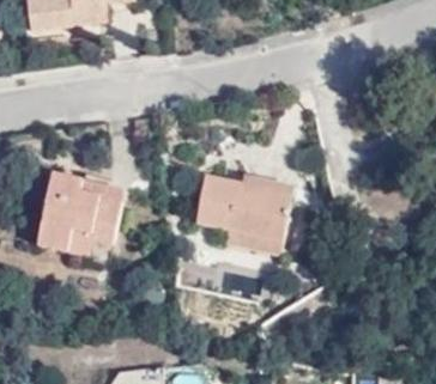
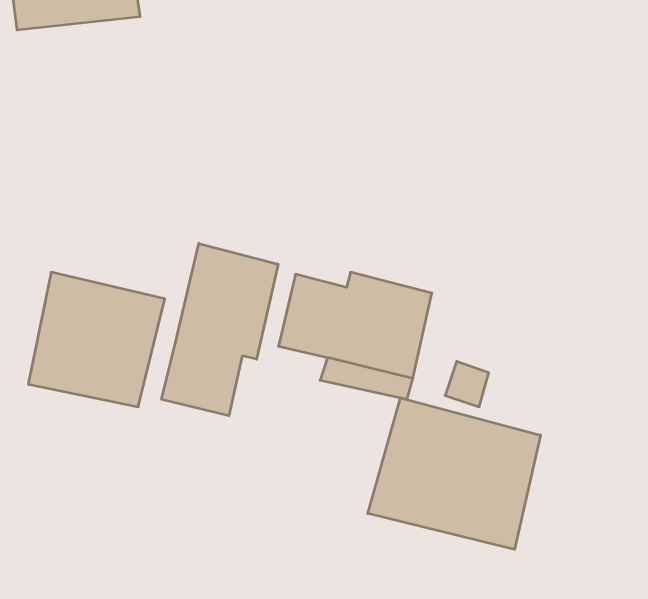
building: none -> [162,243,278,416]
building: none -> [368,398,541,549]

